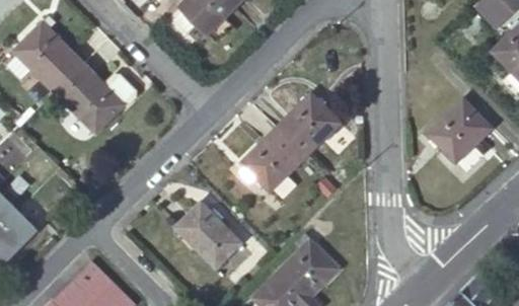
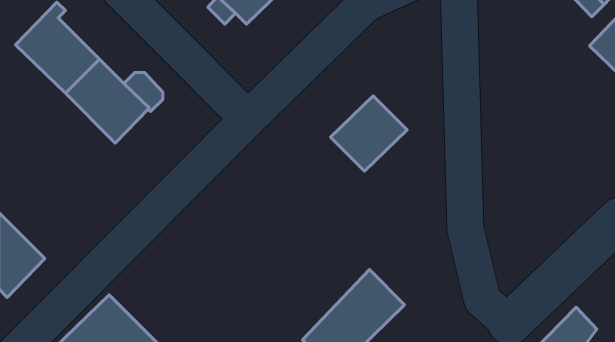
building: [429,99,493,161] -> none
building: [242,128,305,190] -> none
building: [175,202,241,266] -> none

